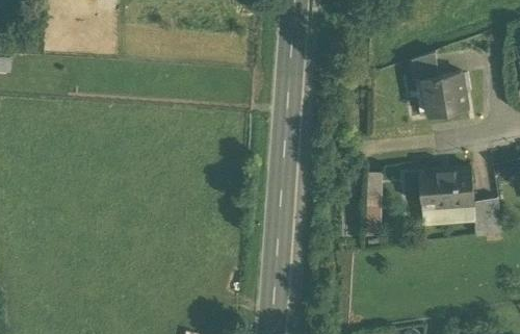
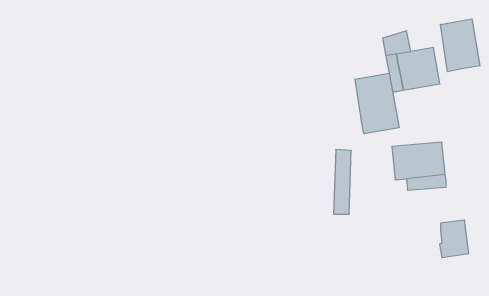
building: none -> [440,19,480,72]
building: none -> [355,73,399,134]
building: [474,201,503,238] -> [440,220,469,258]

